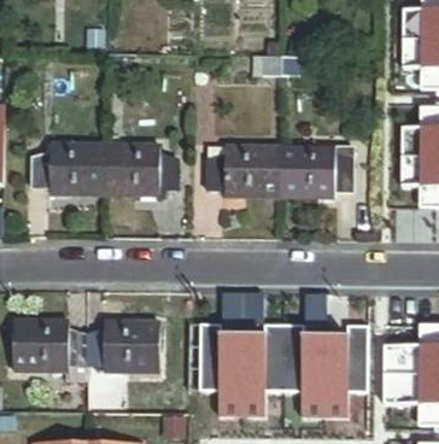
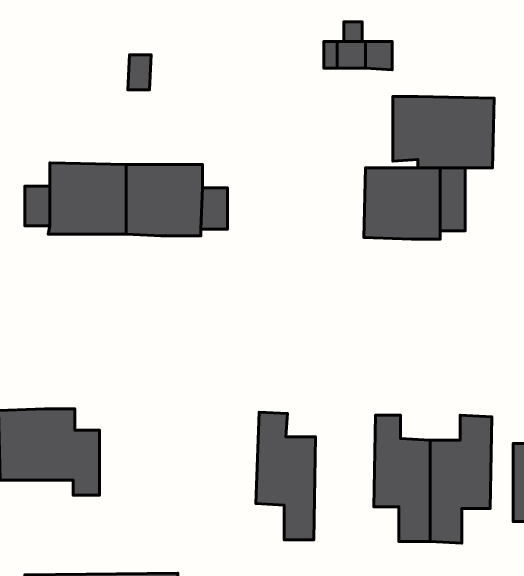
building: [204,144,277,195] -> [393,96,494,168]
building: [84,320,157,372] -> none
building: [240,323,285,415] -> none

